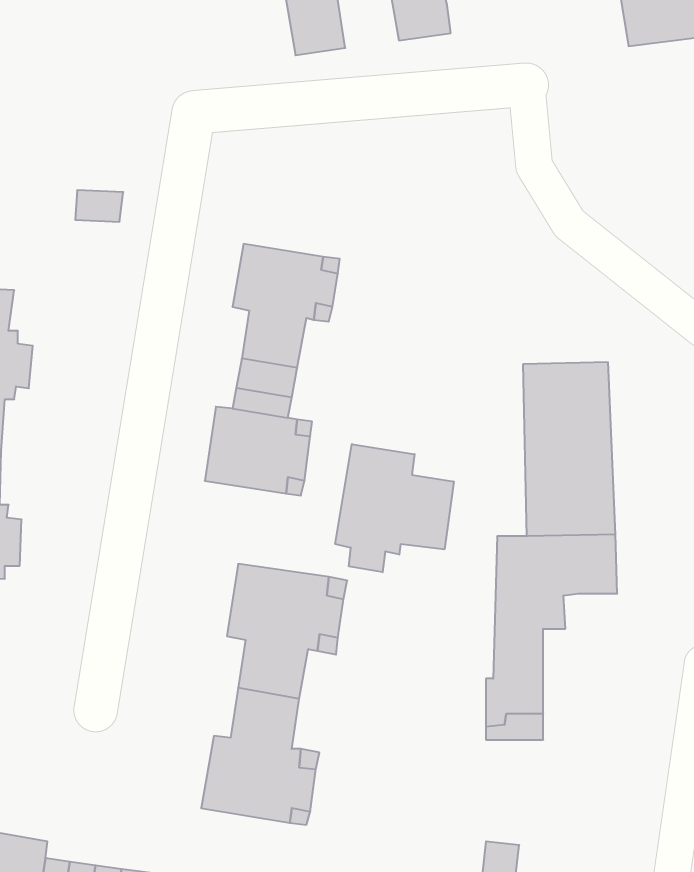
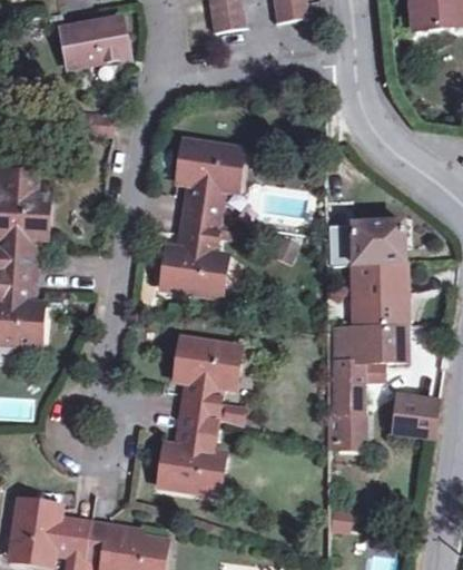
building: none -> [57,16,127,63]
building: [335,444,454,572] -> none
building: none -> [393,392,437,435]

